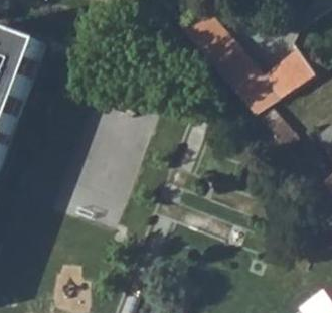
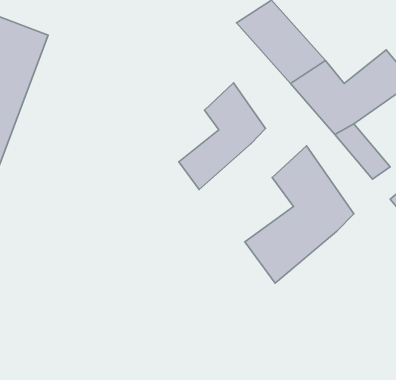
building: none -> [179,83,265,190]
building: none -> [245,146,354,283]

